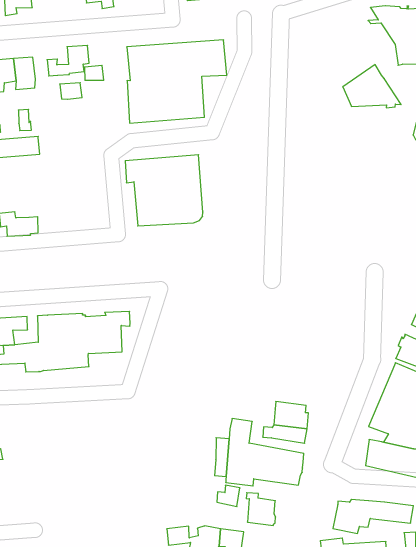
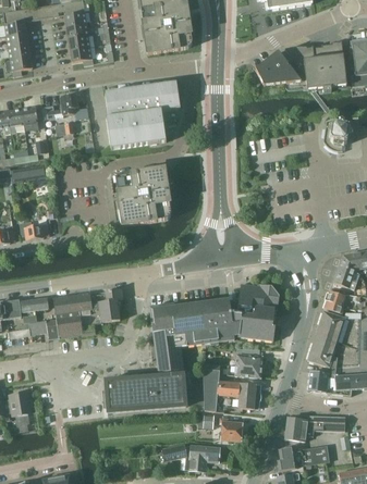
building: [343,65,401,108] -> [255,50,299,83]
building: none -> [105,283,279,411]

